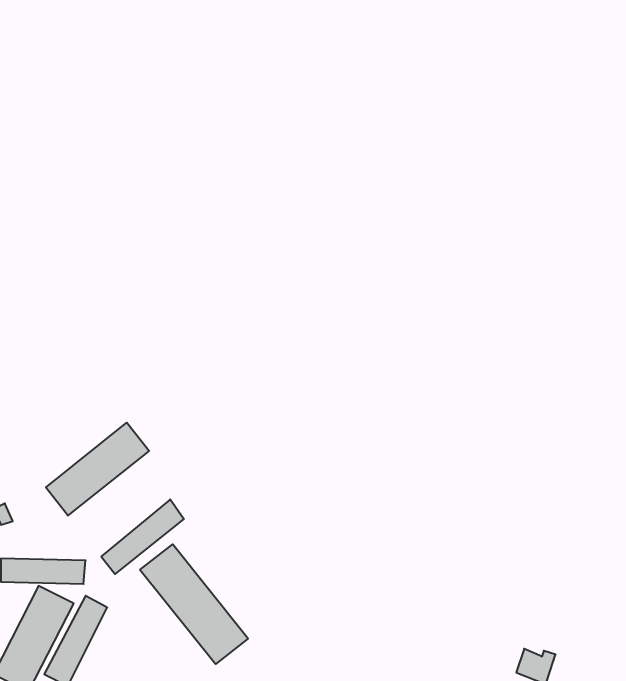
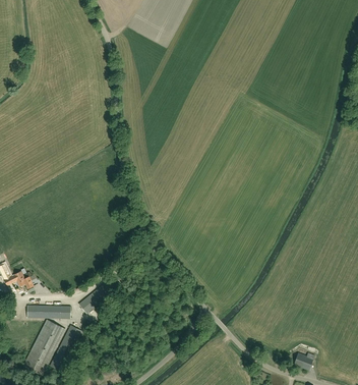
building: [46,423,149,516] -> none
building: [140,544,248,664] -> none

